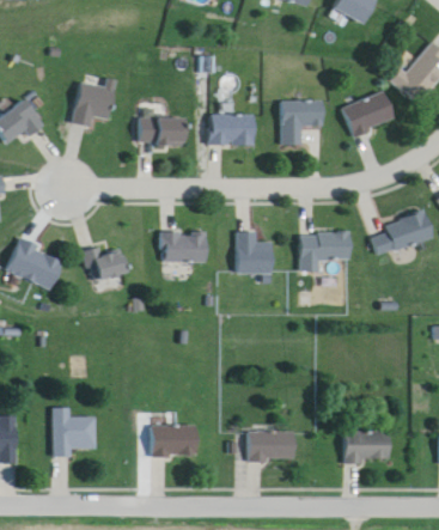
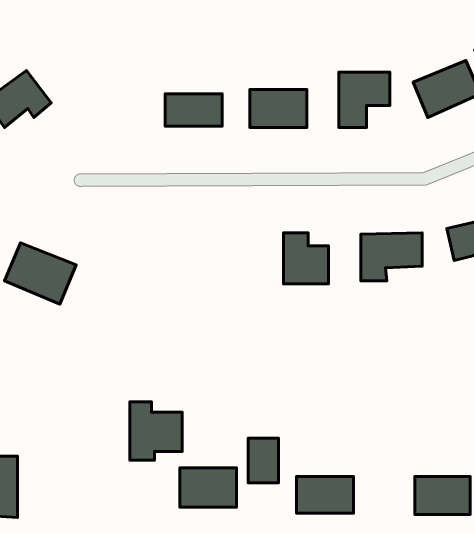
building: [72,78,116,126] -> none
building: [163,231,207,261] -> none
building: [89,248,127,280] -> none
building: none -> [248,438,279,483]
building: [53,408,96,456] -> [130,402,182,460]

